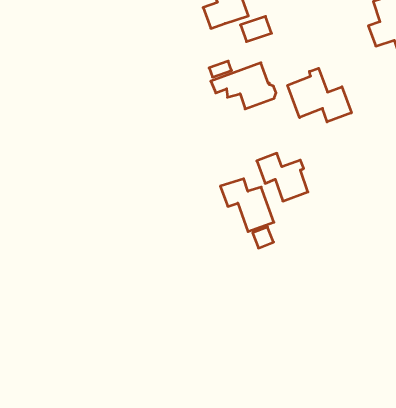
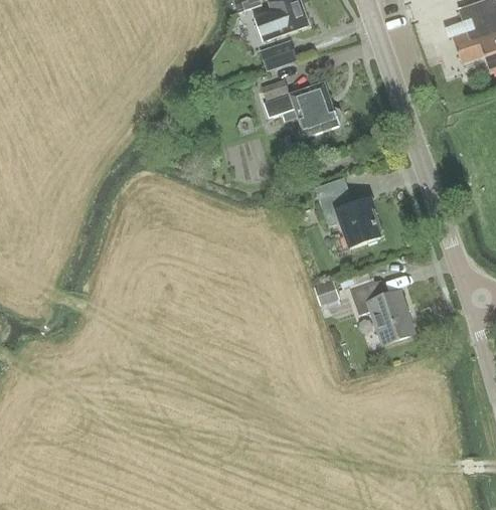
building: [240,16,272,42] -> [261,38,298,68]
building: [288,68,351,122] -> none
building: [220,179,274,232] -> [350,281,415,344]

